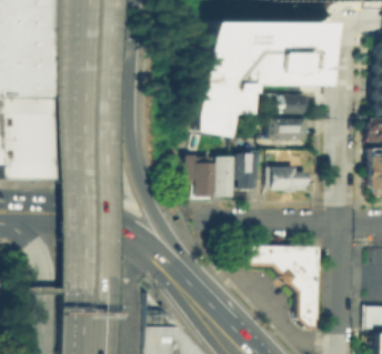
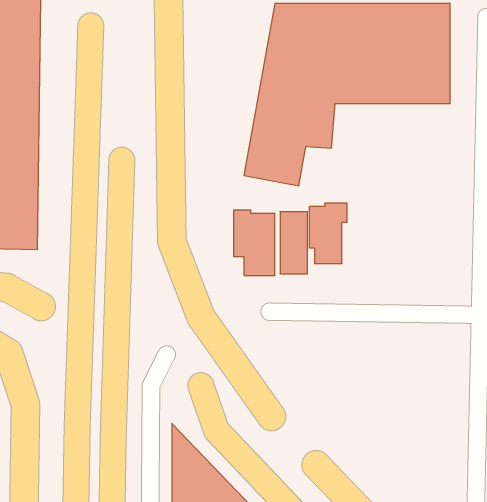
building: [278,93,311,113] -> none
building: [269,118,306,139] -> none
building: [269,165,306,191] -> none
building: [239,245,319,330] -> none

